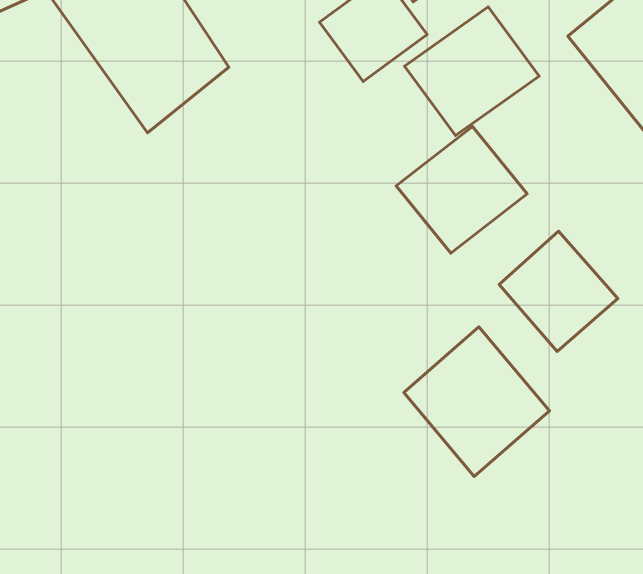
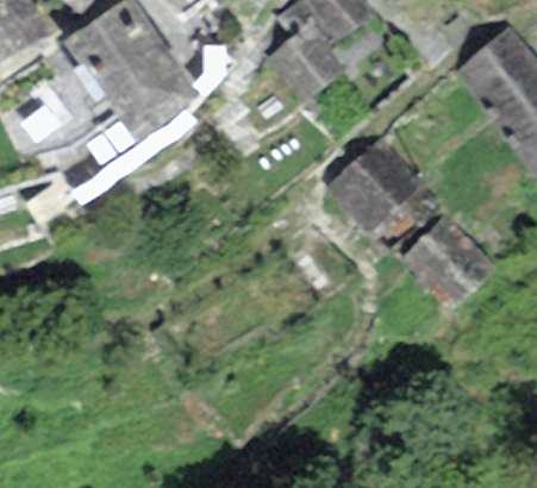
building: [404,7,539,135] -> none
building: [404,327,549,476] -> none

